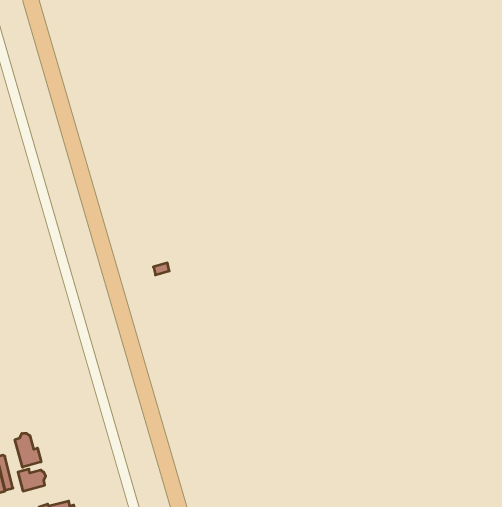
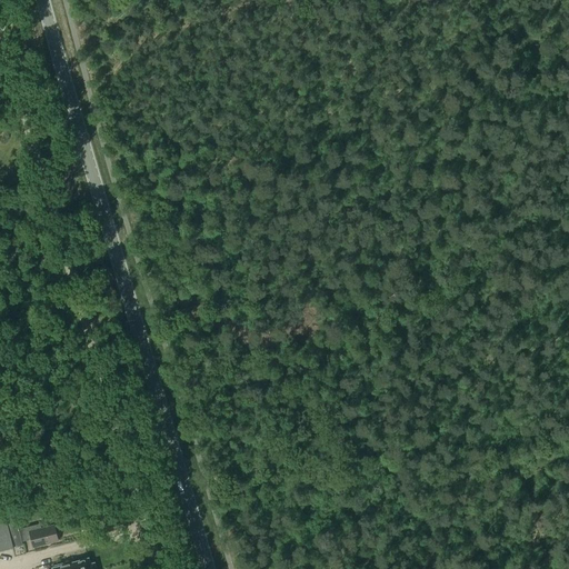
building: [15,433,41,467] -> none

